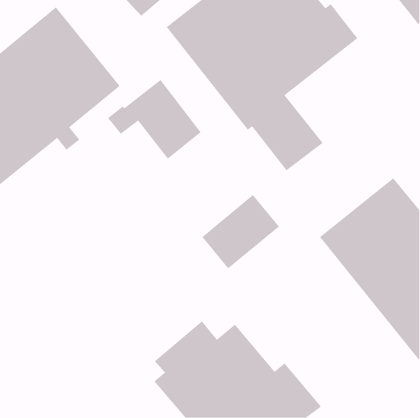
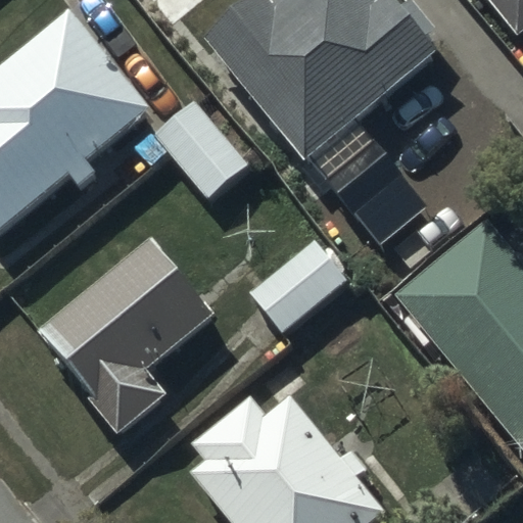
building: none -> [43,244,209,435]

